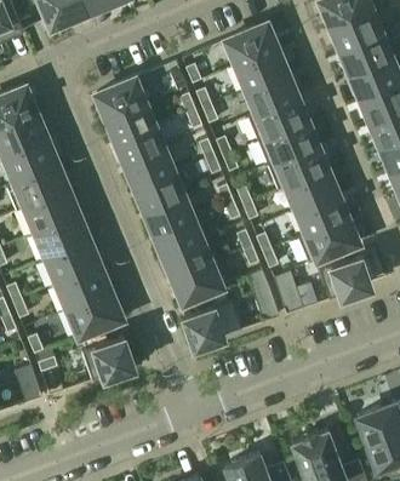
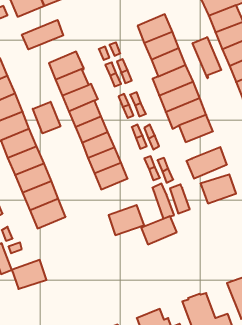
building: none -> [22,20,63,49]
building: none -> [193,37,221,78]
building: none -> [33,102,60,133]
building: [297,195,348,235] -> none
building: [173,263,225,304] -> [141,216,177,244]
building: [82,338,133,380] -> [12,260,47,289]

